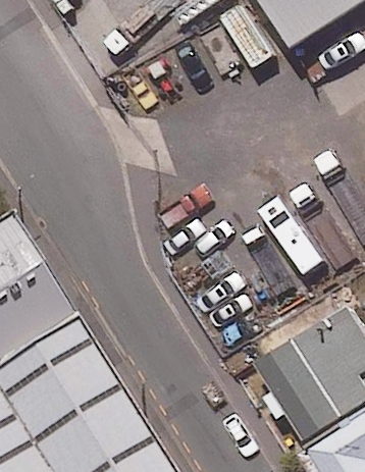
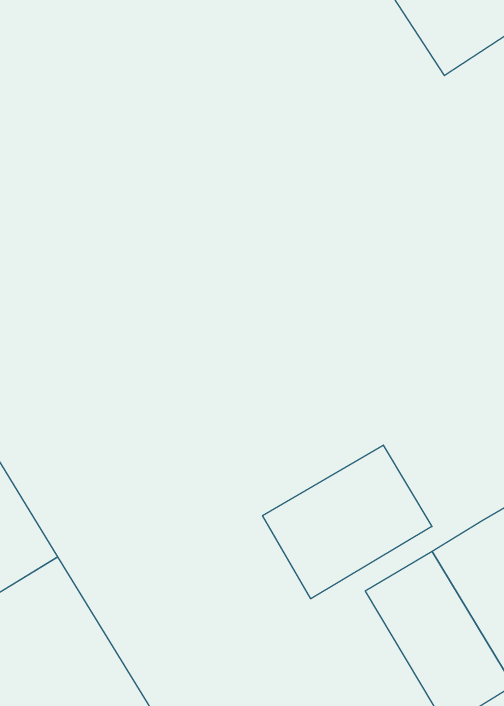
building: none -> [263,445,432,599]

